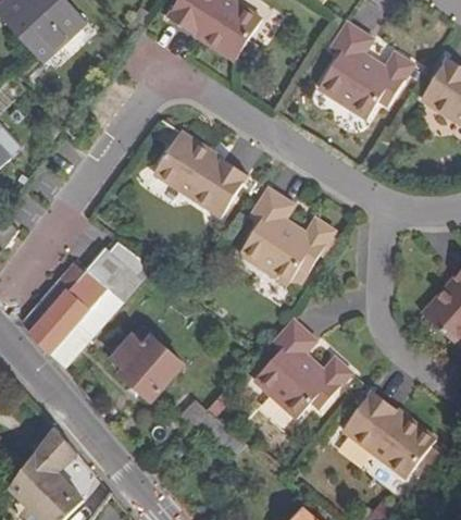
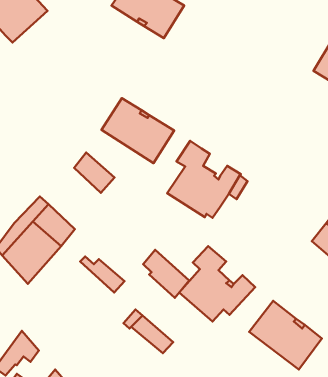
building: [321,21,414,117] -> none
building: [87,248,138,299] -> [74,153,114,193]
building: [112,341,171,401] -> [143,250,189,298]

